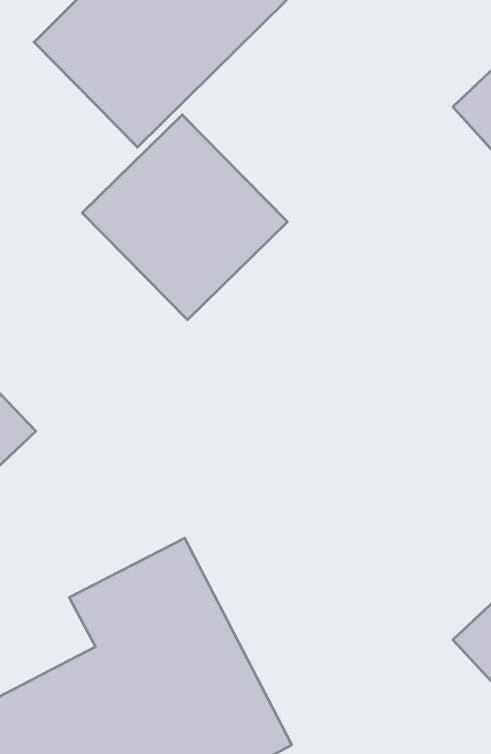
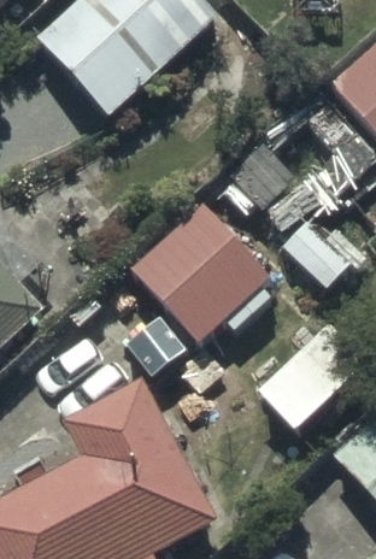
building: [82,115,287,320] -> [130,206,271,347]

